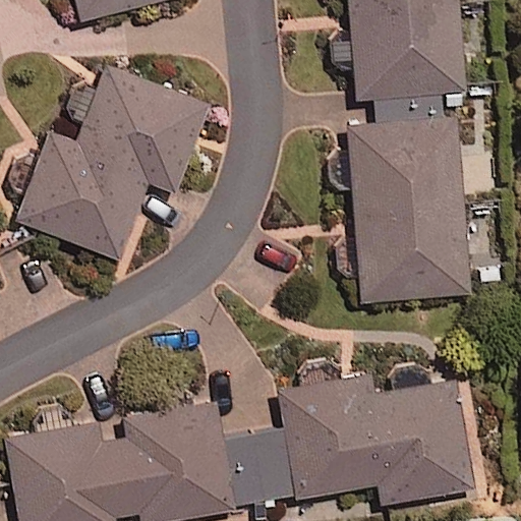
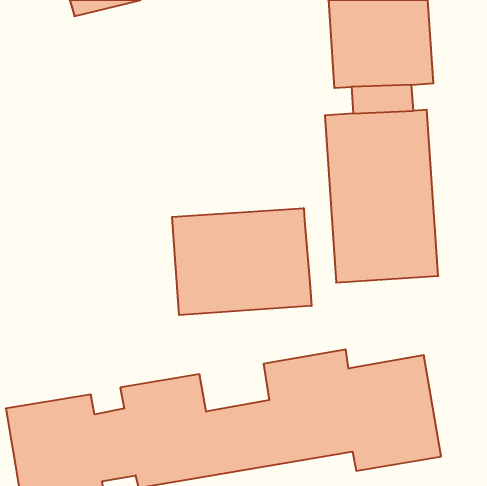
building: [11,65,209,258] -> none
building: none -> [172,208,312,315]

